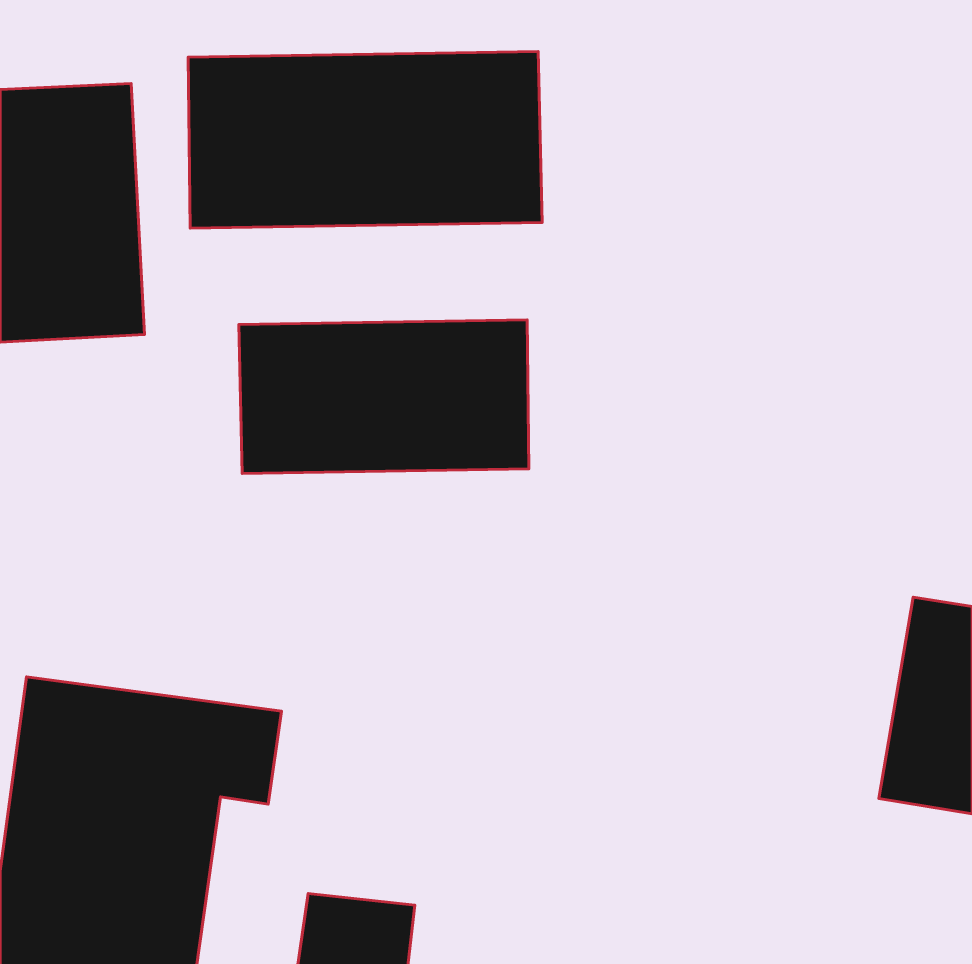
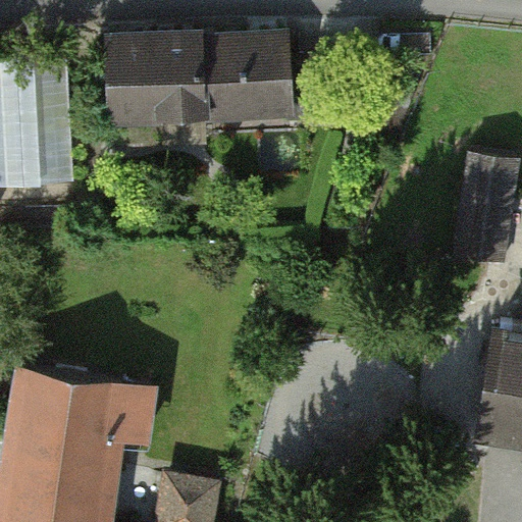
building: none -> [452,156,516,262]
building: [239,320,529,474] -> none

